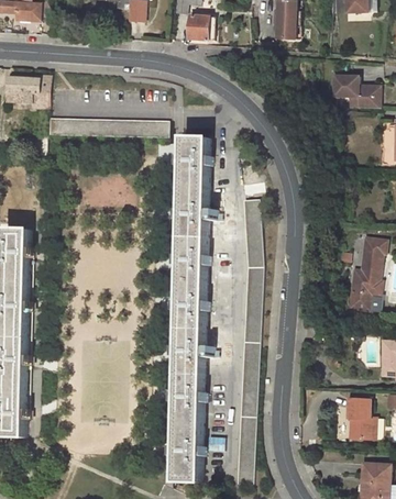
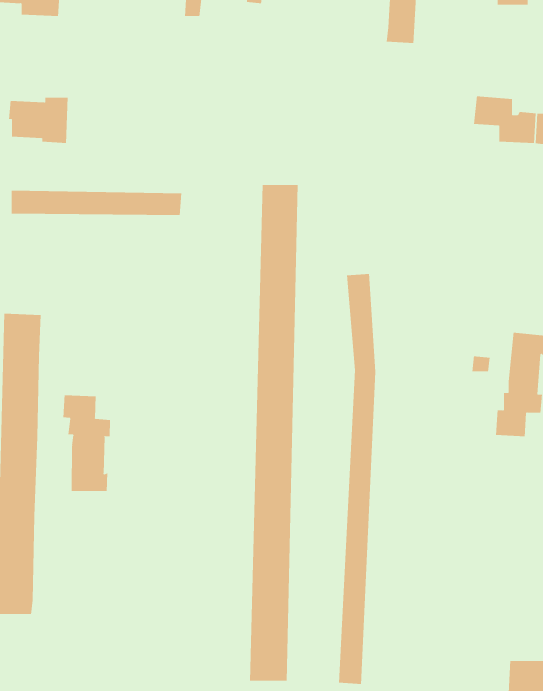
building: [187,15,212,40] -> none
building: [50,118,168,135] -> [11,190,182,215]
building: none -> [63,394,111,492]
building: [344,401,368,442] -> none

